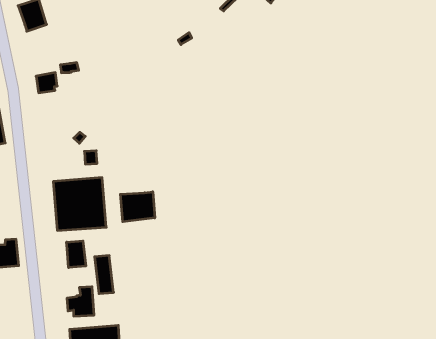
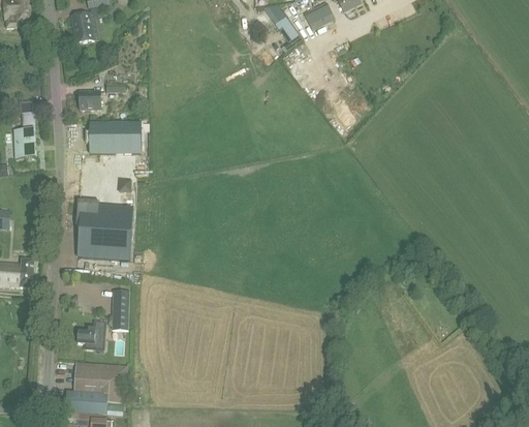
building: none -> [89,122,146,152]
building: [120,192,155,222] -> none
building: [67,241,86,268] -> none

